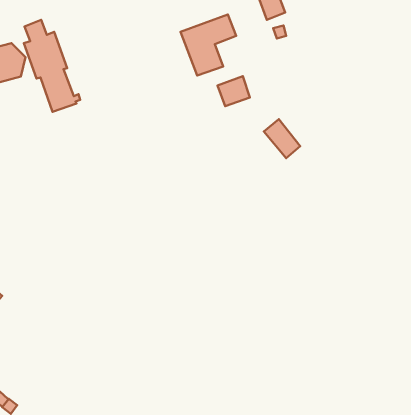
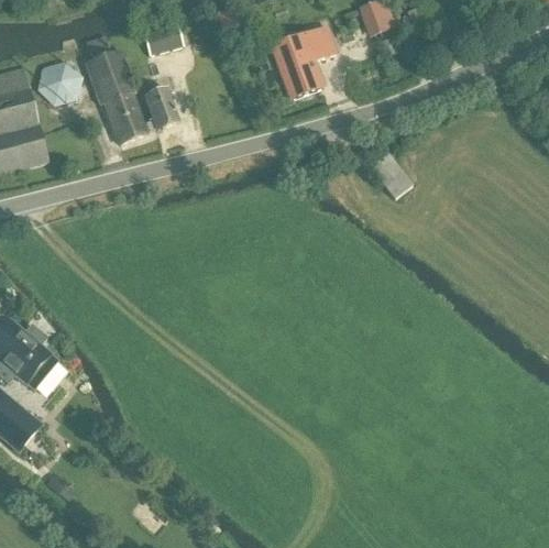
building: none -> [142,23,183,54]
building: none -> [143,87,177,129]
building: [217,76,250,106] -> none

